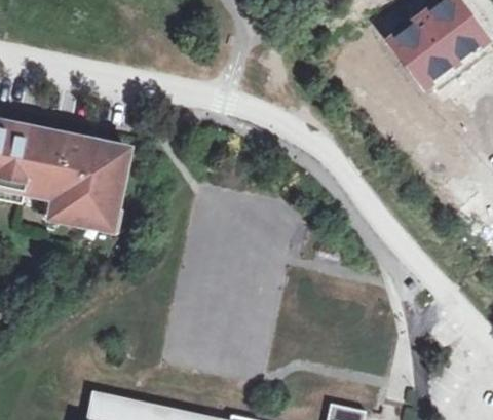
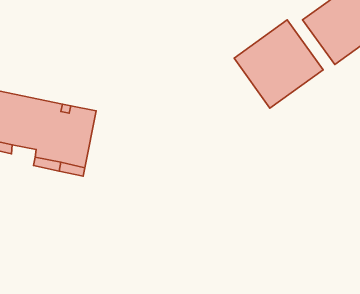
building: none -> [234,20,323,108]

